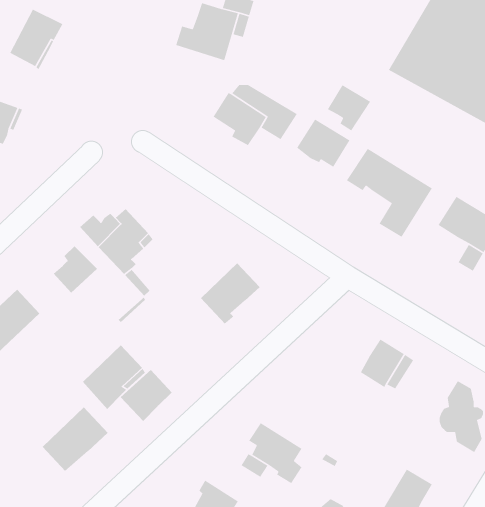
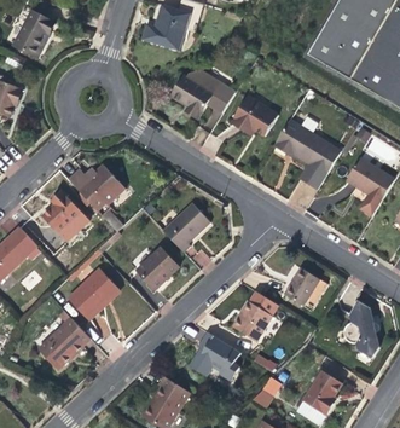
building: [327,84,371,132] -> none
building: [120,369,172,422] -> [138,249,179,290]
building: none -> [232,301,273,342]

